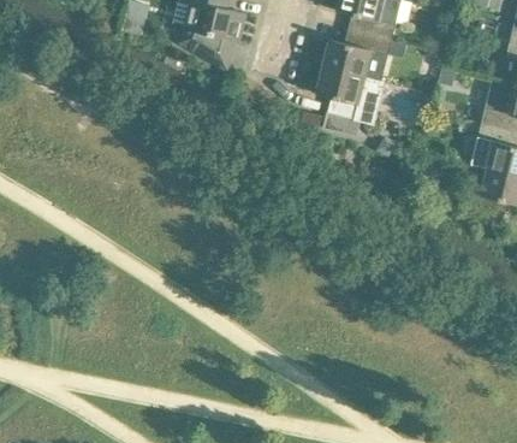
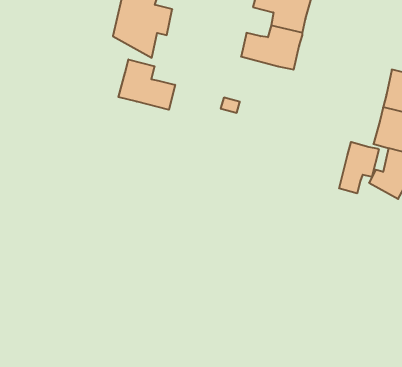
building: [315,66,385,132] -> none
building: none -> [118,59,175,110]
building: none -> [339,142,379,193]

